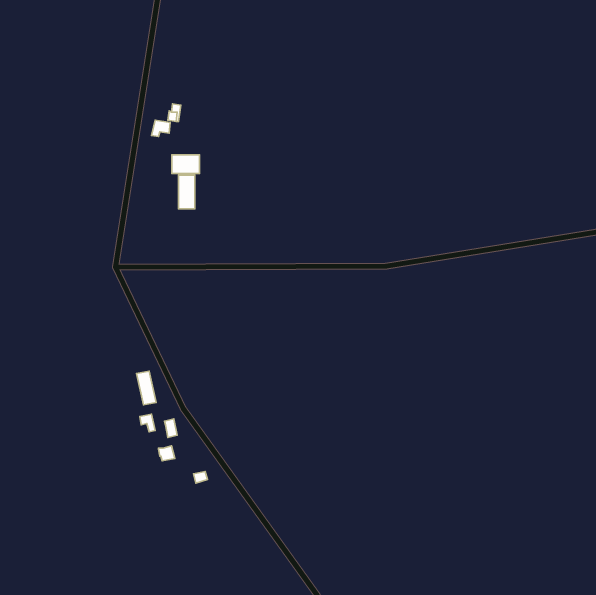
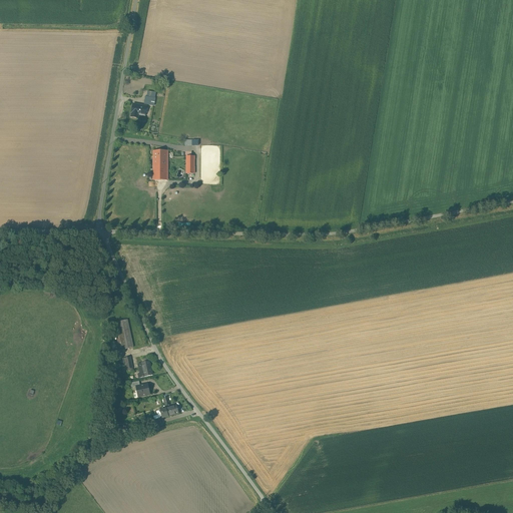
building: [172,155,199,174] -> none

